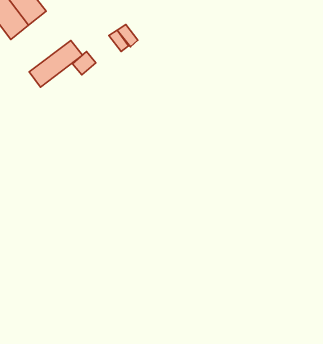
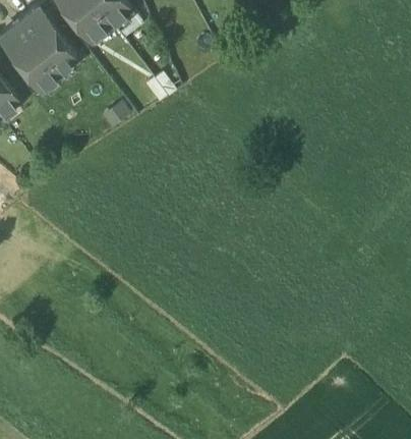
building: [29,40,82,87] -> none

